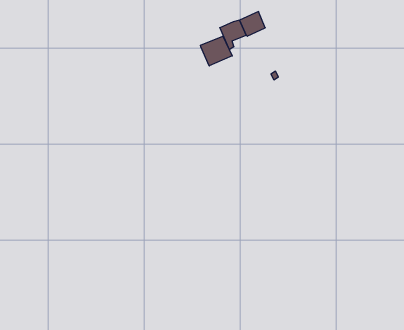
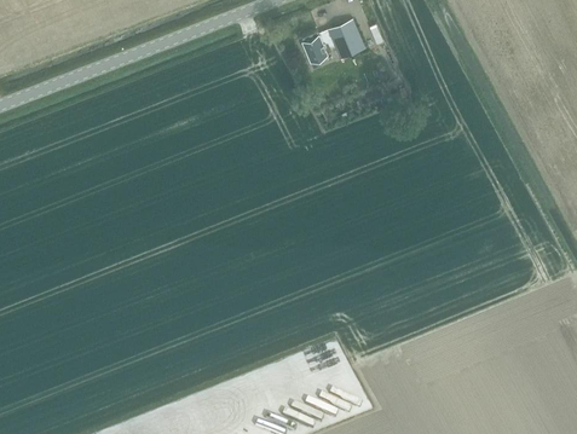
building: [201,36,232,66] -> none

